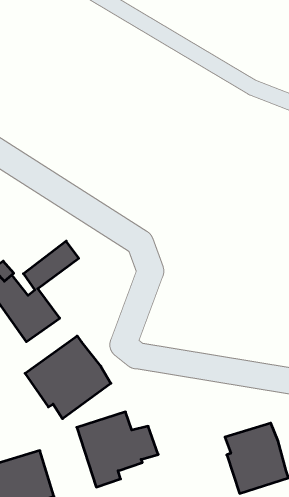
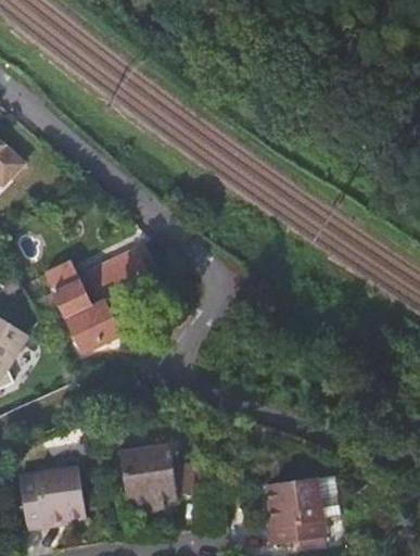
building: [25,336,111,419] -> none

